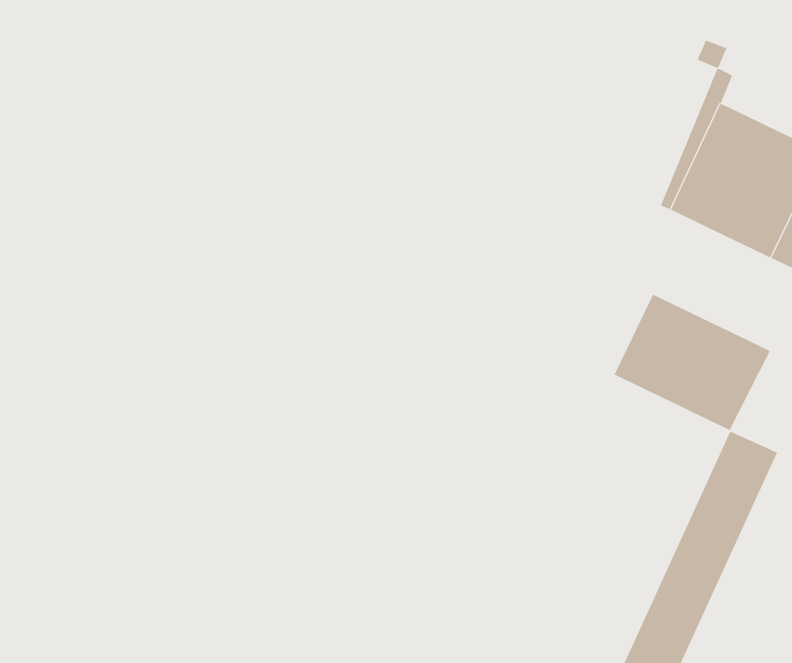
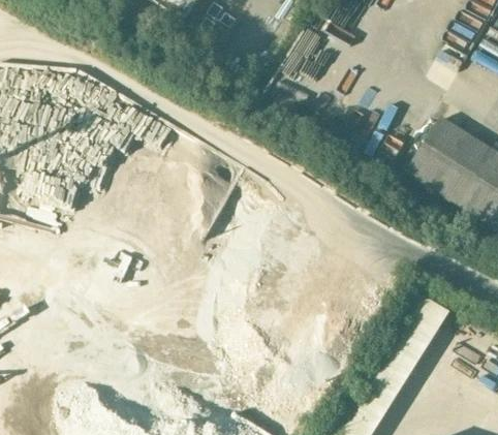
building: [614,294,770,431] -> none

